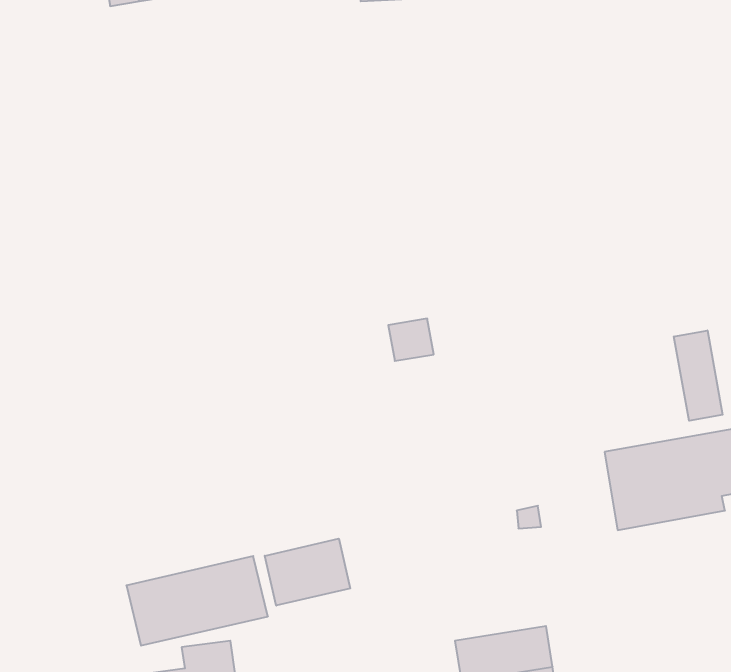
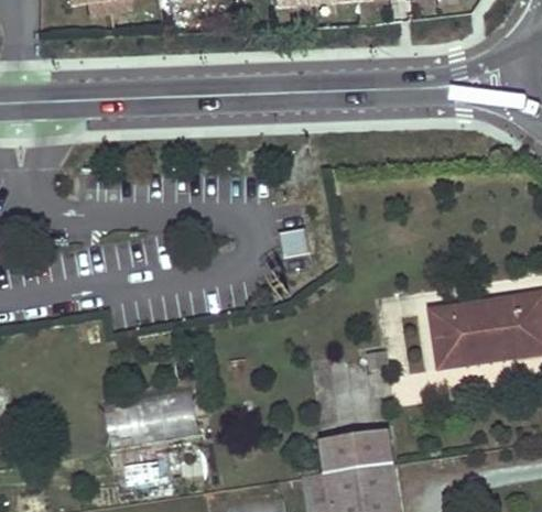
building: [674,330,723,421] -> none
building: [265,539,350,606] -> none

